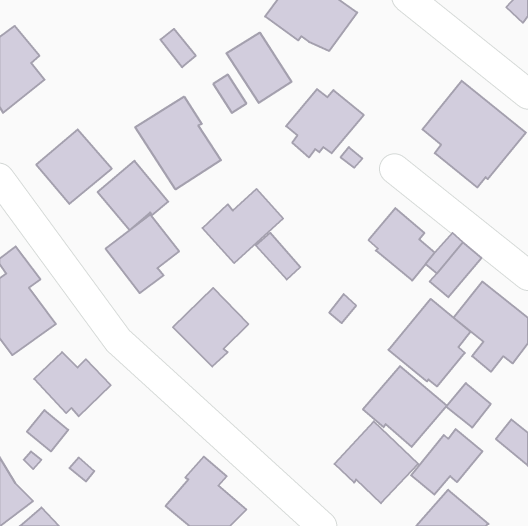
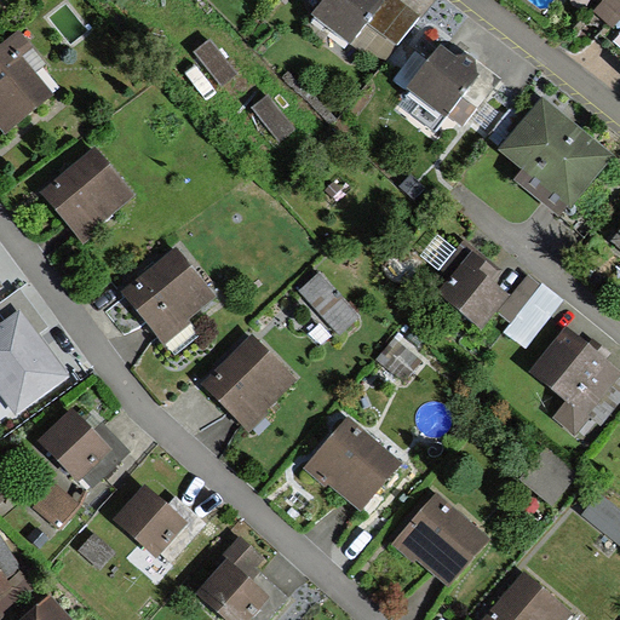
building: [226,33,291,103] -> none
building: [286,89,364,157] -> [406,47,496,127]
building: [135,97,221,189] -> none
building: [98,161,168,230] -> none
building: [202,189,283,263] -> none
building: [388,299,471,386] -> none
building: [363,366,447,447] -> [303,417,401,511]
building: none -> [111,486,205,562]
building: [411,429,482,495] -> none

